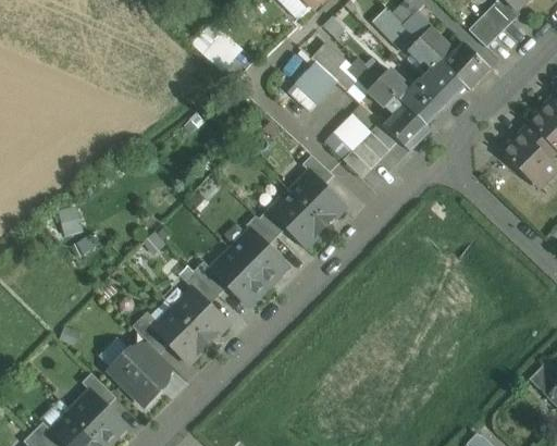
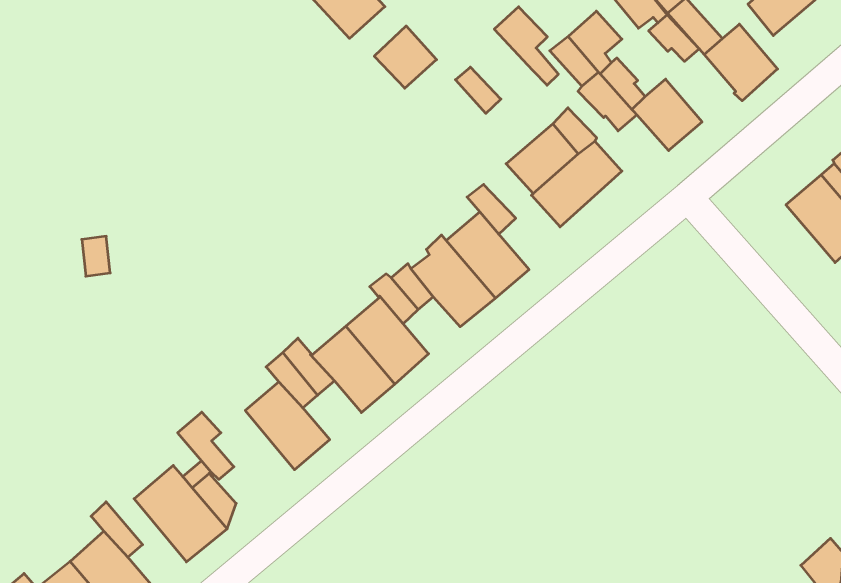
building: [421,59,466,104] -> none
building: [298,61,337,100] -> [374,26,437,88]
building: [384,103,431,150] -> none
building: [154,308,208,362] -> none

